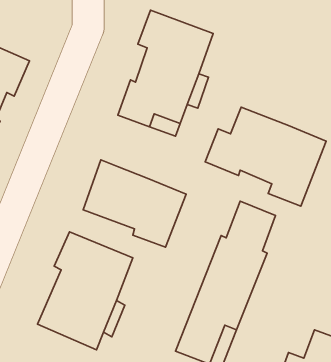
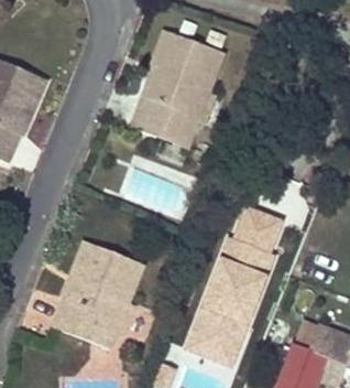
building: [205,107,326,206] -> none
building: [83,160,186,247] -> none

